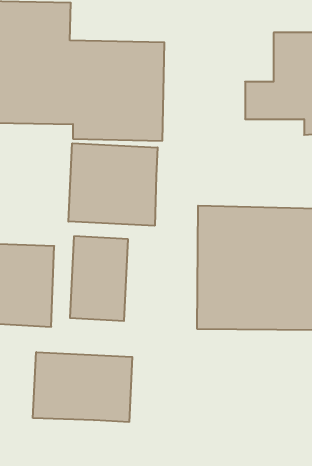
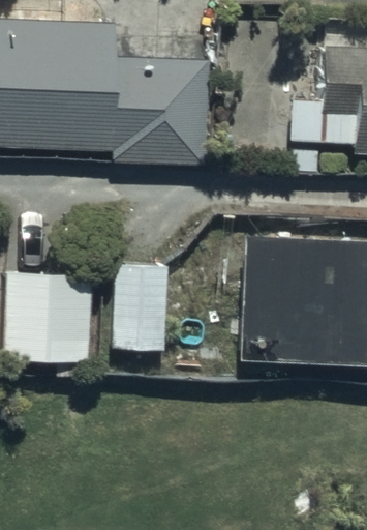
building: [68,143,158,226] -> none
building: [33,352,132,422] -> none

